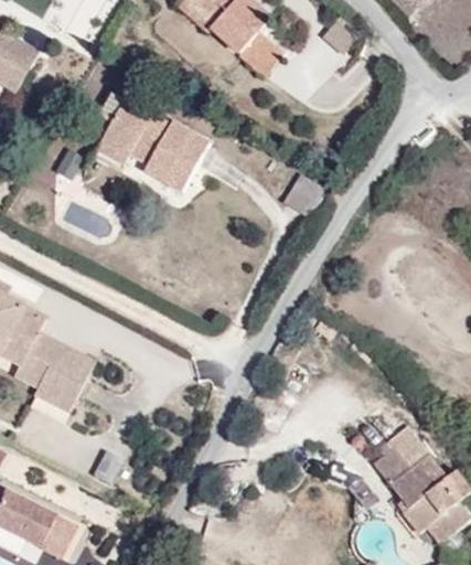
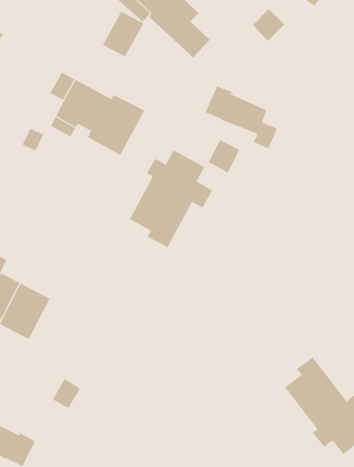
building: none -> [102,11,144,57]
building: none -> [205,85,278,149]
building: none -> [129,150,213,248]

